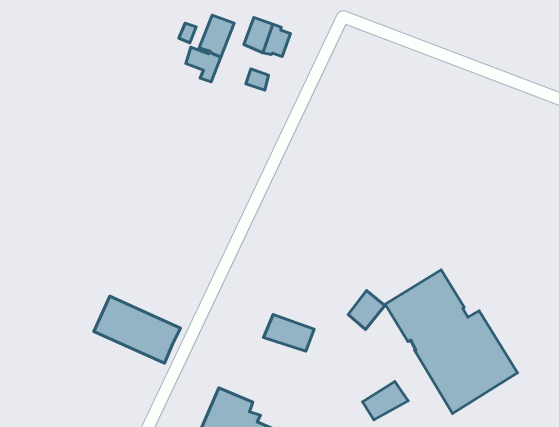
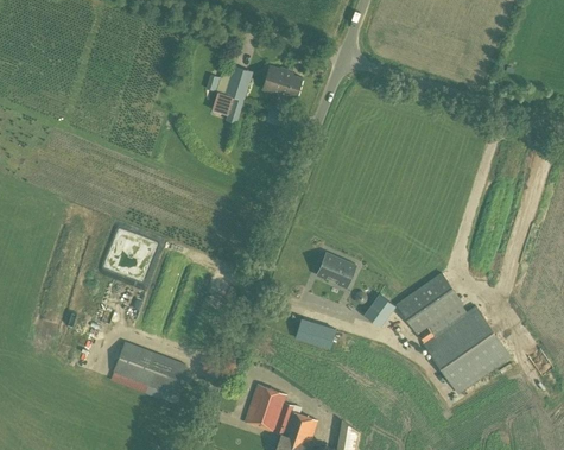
building: none -> [315,251,354,284]
building: [94,296,180,363] -> [112,341,185,395]
building: [362,382,408,420] -> none

